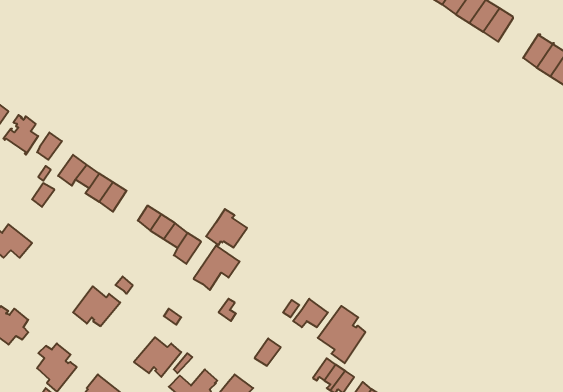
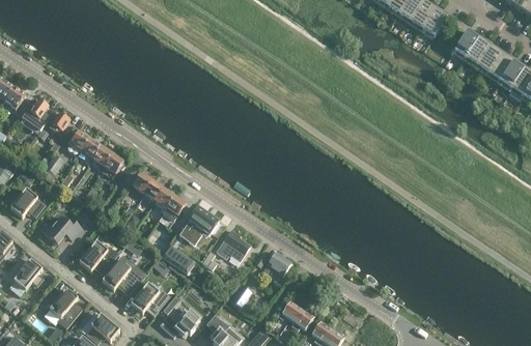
building: [206,209,247,248] -> [216,229,250,261]
building: none -> [46,217,81,243]
building: none -> [160,243,195,273]
building: none -> [102,255,146,295]
building: [318,306,365,363] -> none

